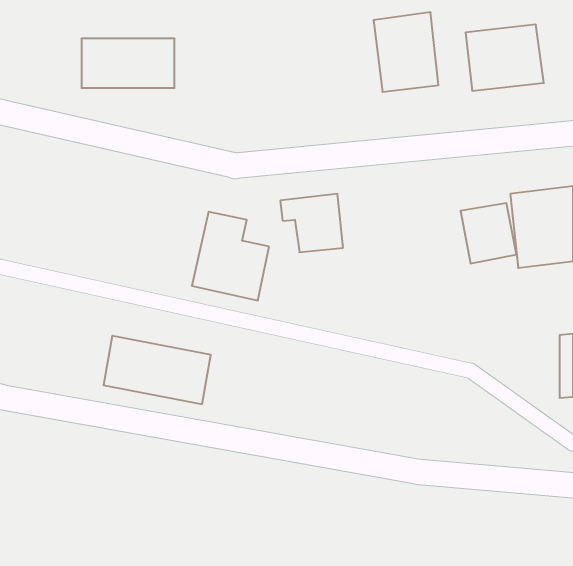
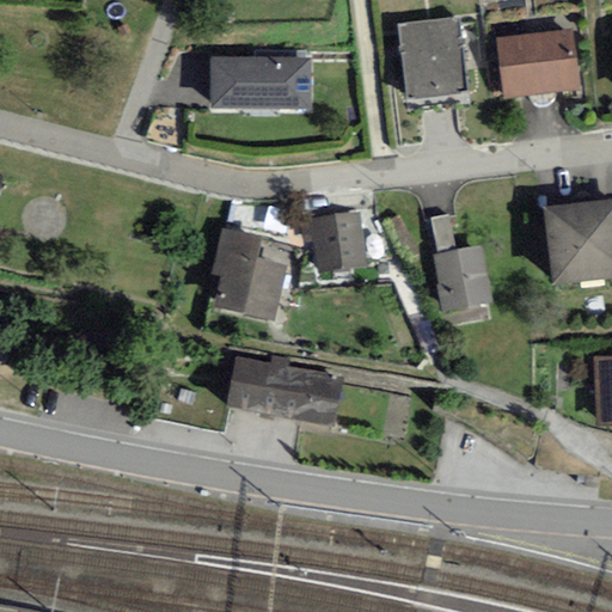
building: [81,39,175,88] -> [212,55,311,108]
building: [460,203,517,264] -> [432,244,491,308]
building: [103,336,211,404] -> [228,357,343,430]

